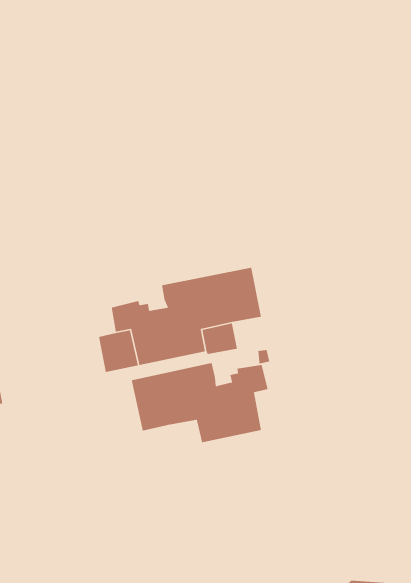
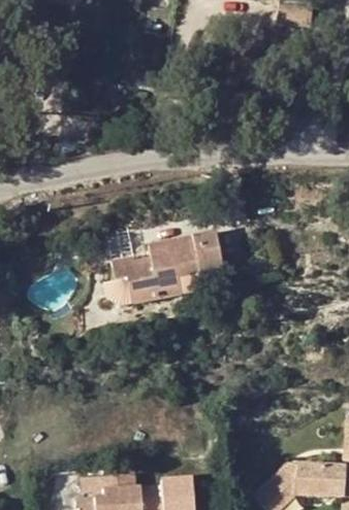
building: [131,362,268,443] -> none

